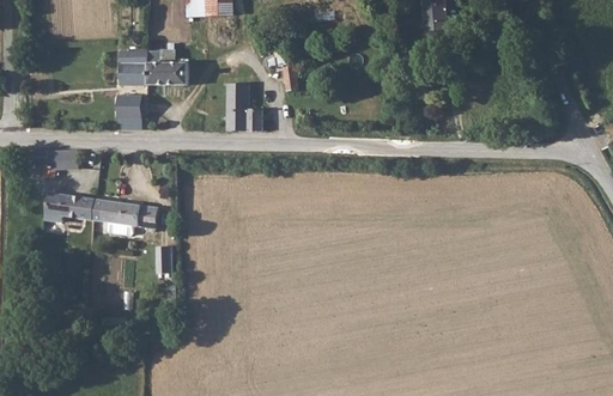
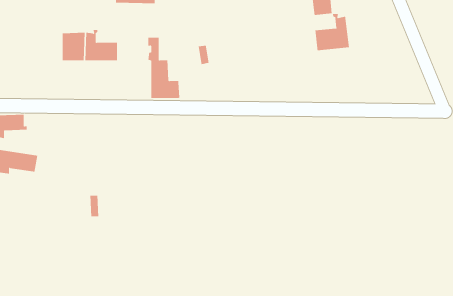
building: none -> [315,13,350,51]
building: [114,92,140,127] -> none
building: [89,199,157,234] -> none

